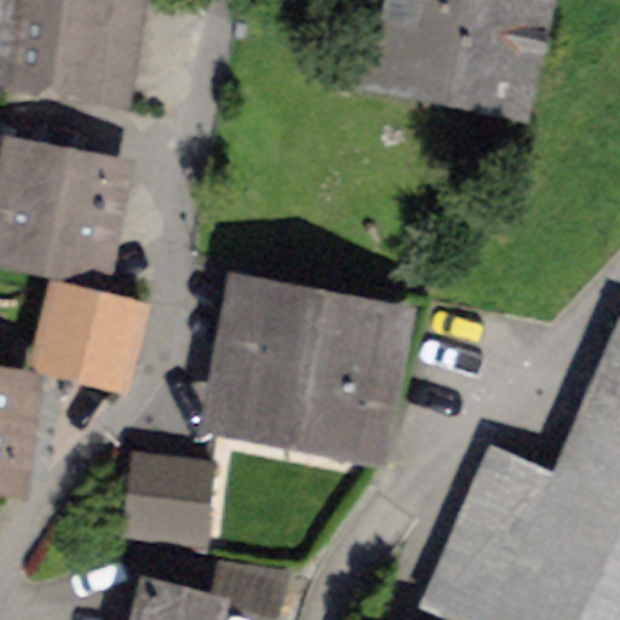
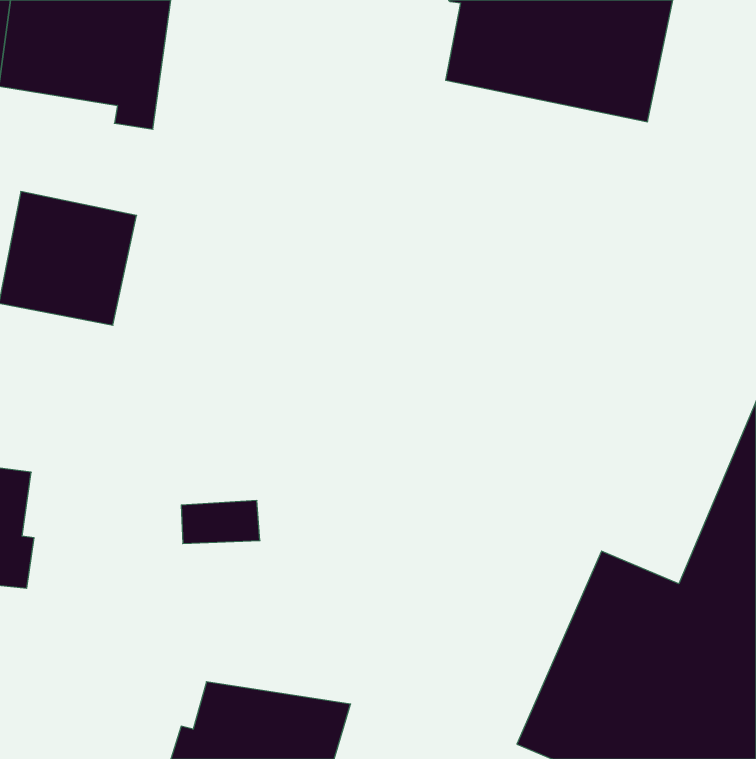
building: [34,295,144,378] -> none
building: [225,303,386,438] -> none
building: [125,457,209,541] -> none

